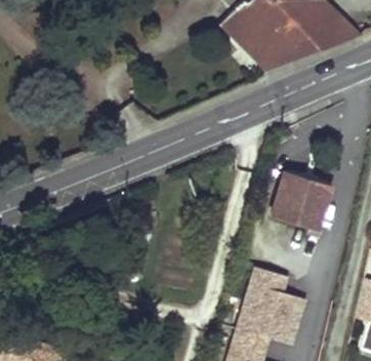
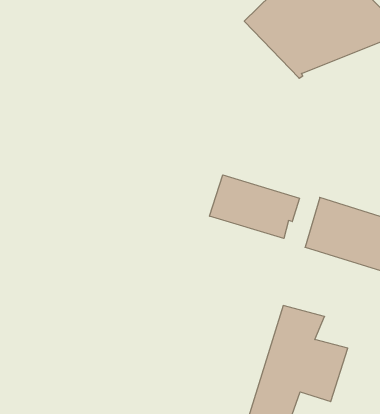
building: none -> [210,175,299,238]

